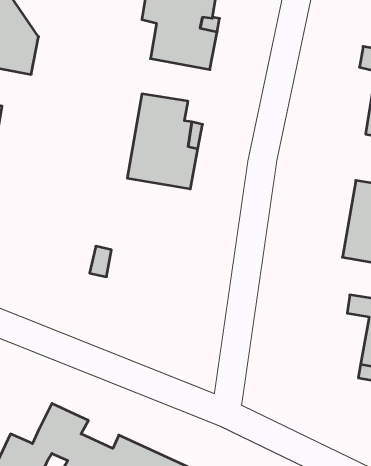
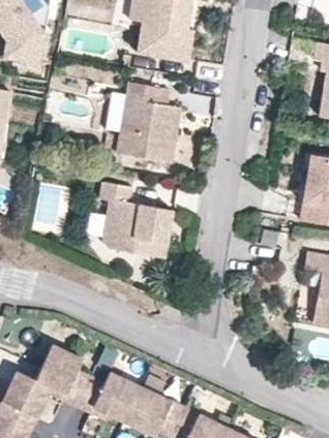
building: none -> [98,183,173,257]

